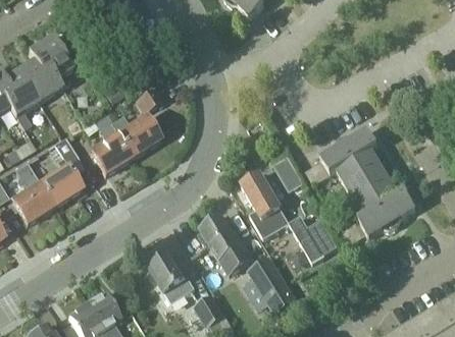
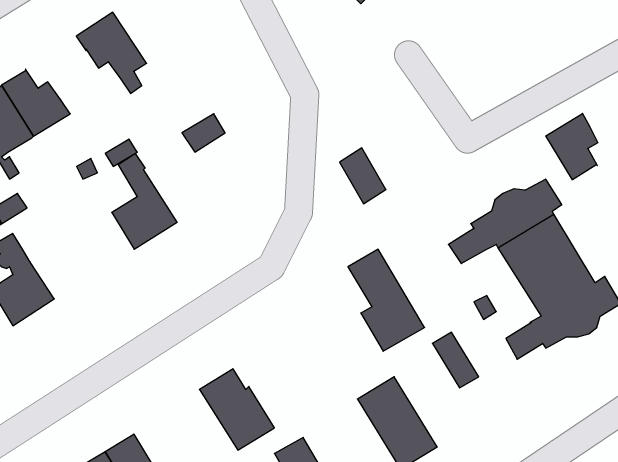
building: [29,35,73,87] -> [76,12,147,94]
building: none -> [546,113,598,180]
building: [110,114,160,156] -> none
building: [38,136,83,205] -> none
building: [273,156,303,191] -> [340,148,386,204]
building: [197,217,252,278] -> none

